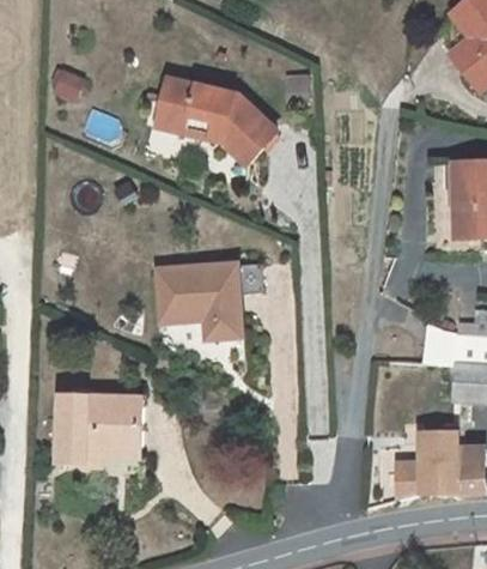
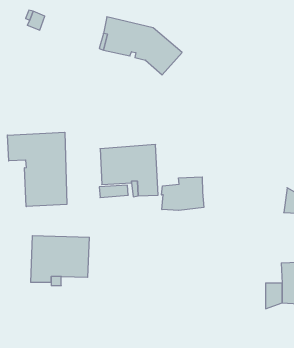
building: none -> [7,132,67,207]
building: none -> [162,177,204,210]

